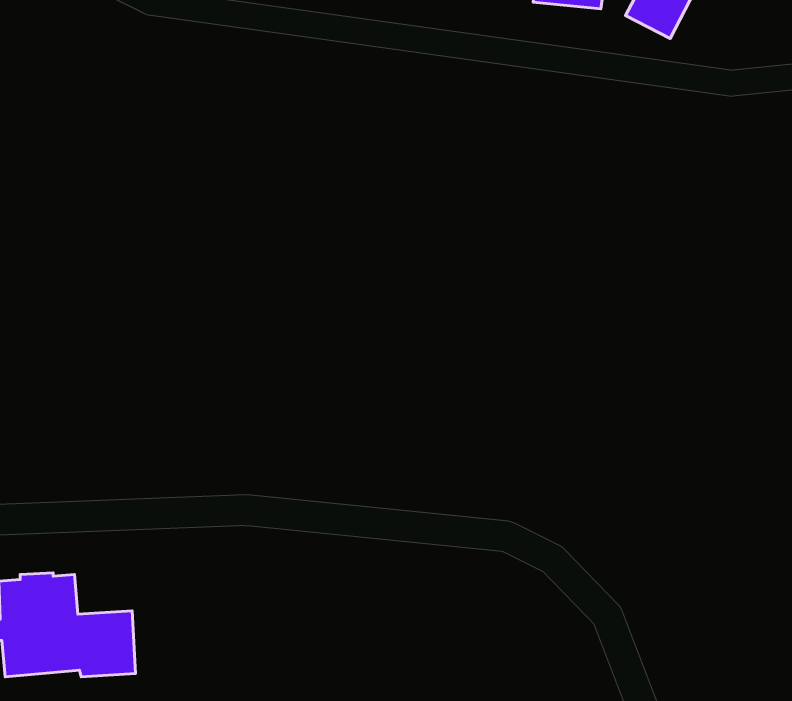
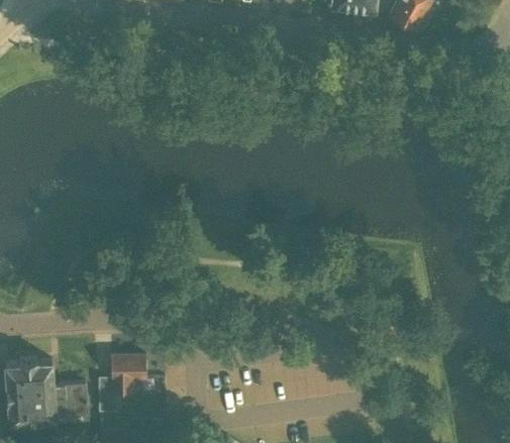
building: none -> [100,353,147,410]

